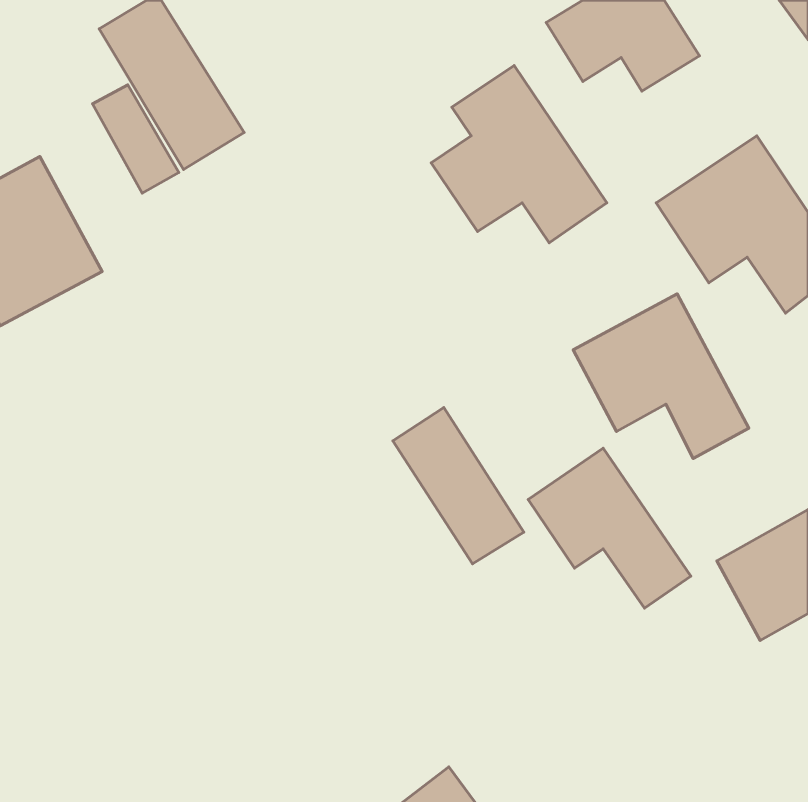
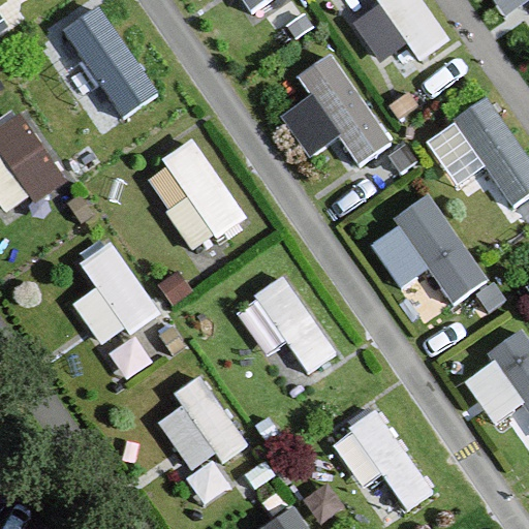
building: none -> [143,141,249,253]
building: none -> [70,241,158,349]
building: [528,448,691,608] -> [331,408,436,511]
building: none -> [151,379,247,476]

